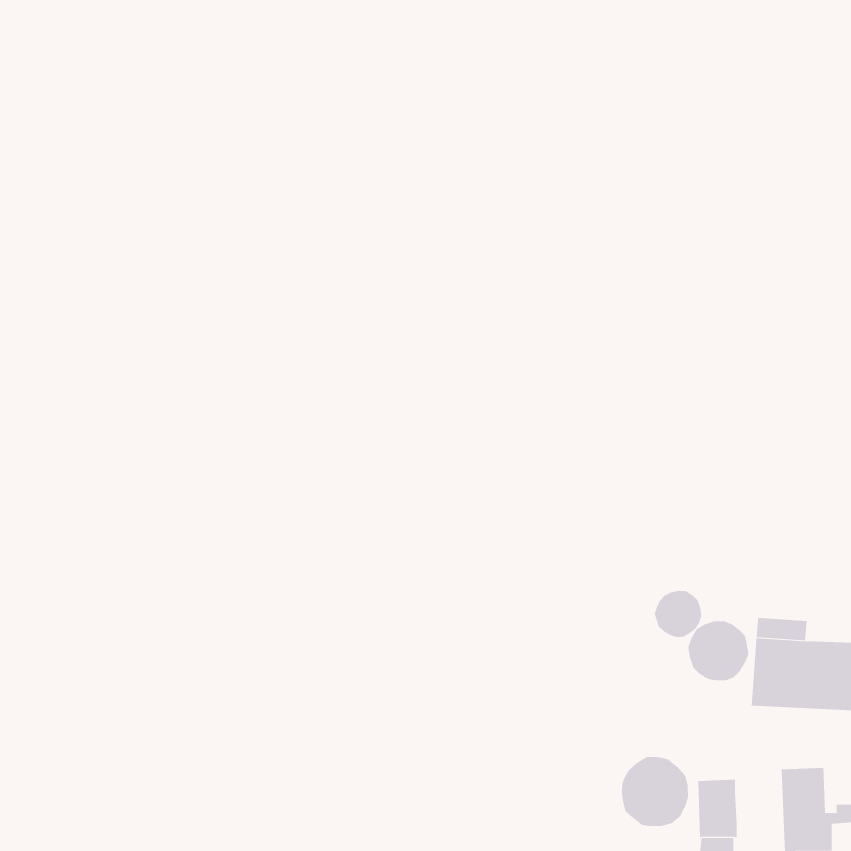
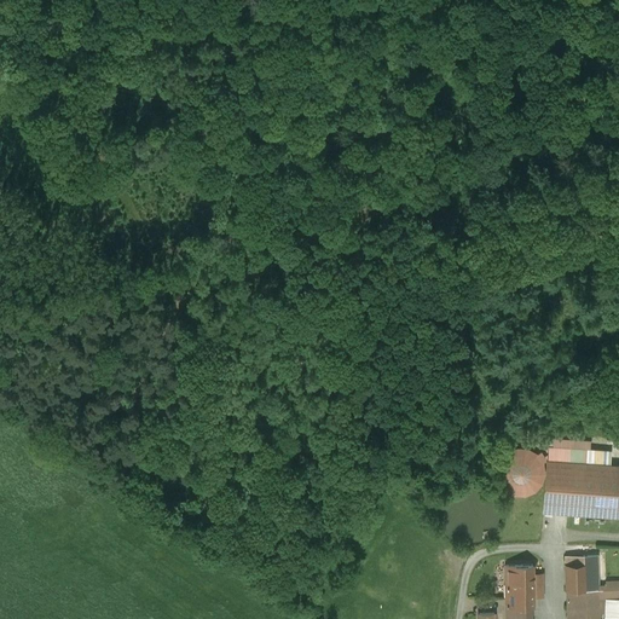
building: [654,590,702,638] -> none
building: [621,756,689,827] -> none

